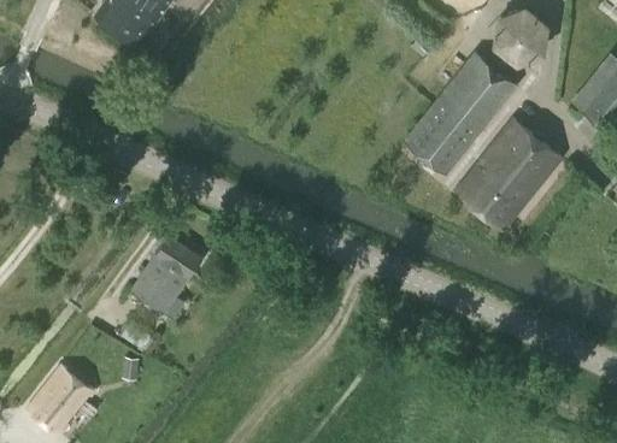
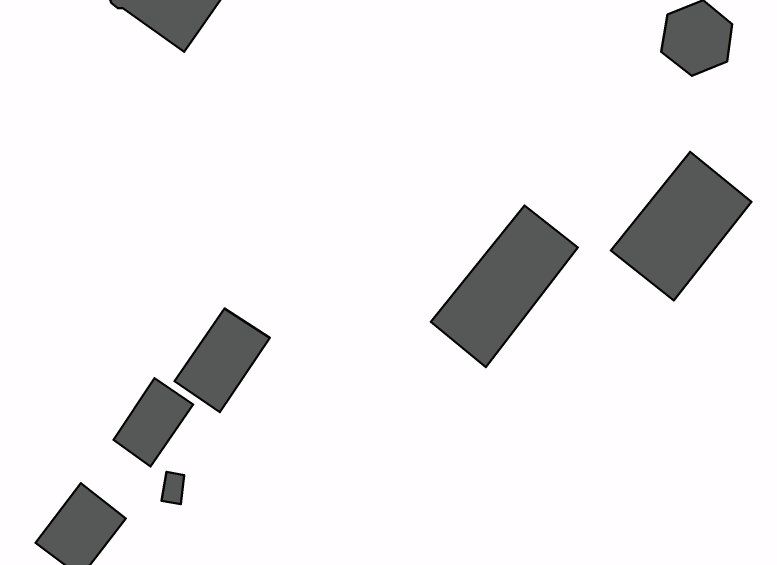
building: [406,53,516,173] -> [431,206,578,367]
building: none -> [113,378,193,467]

